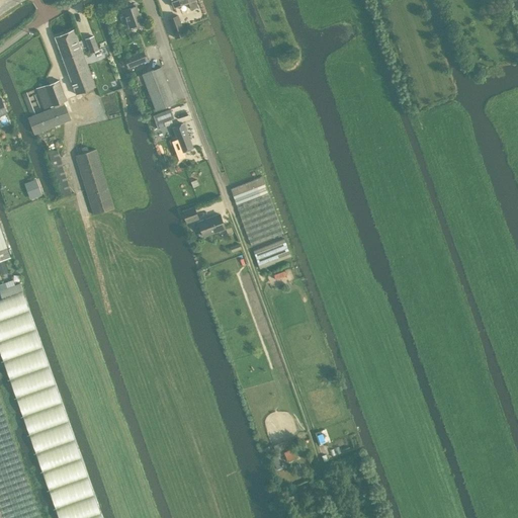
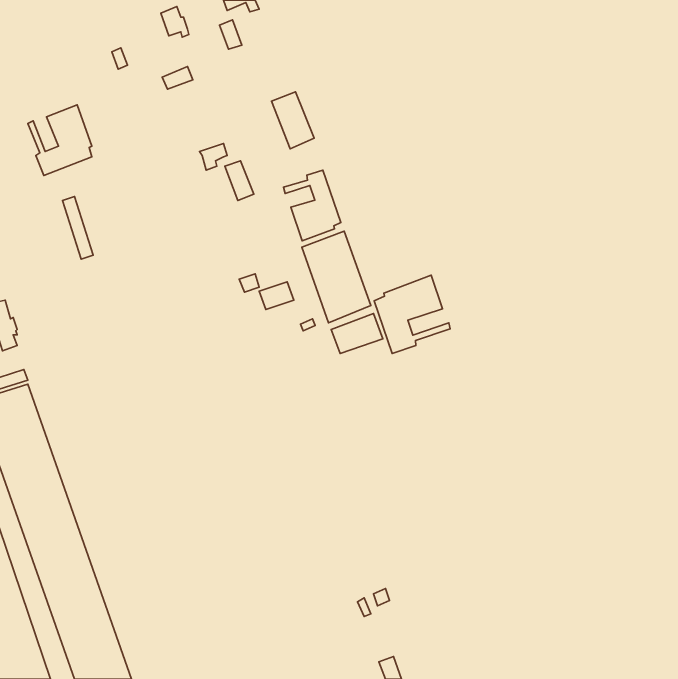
building: [54,29,94,94] -> none
building: [142,67,174,110] -> [272,92,314,149]
building: none -> [284,170,341,241]
building: [75,146,113,214] -> none
building: none -> [374,275,450,353]

